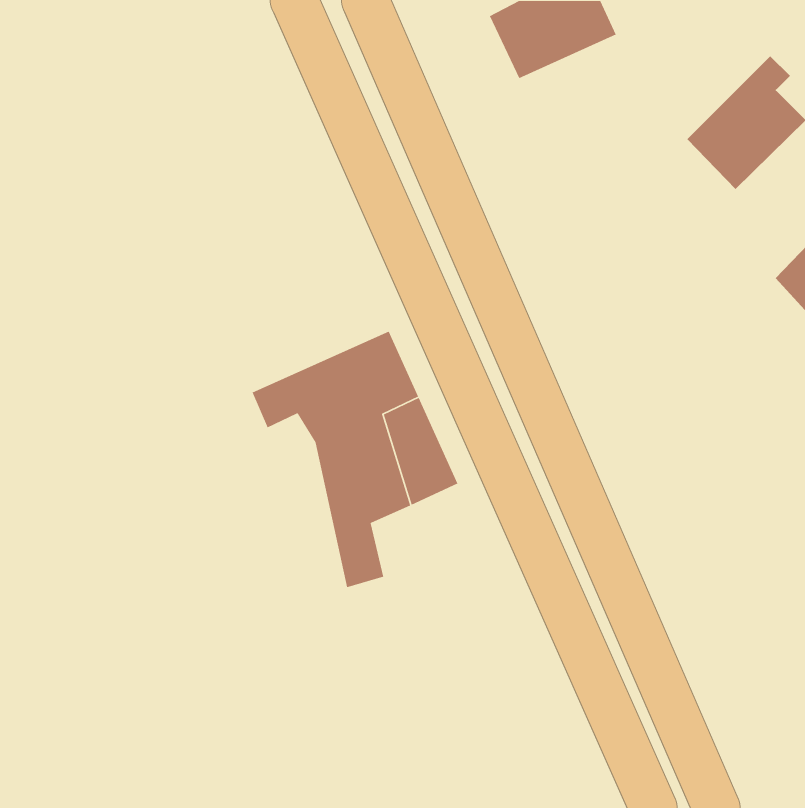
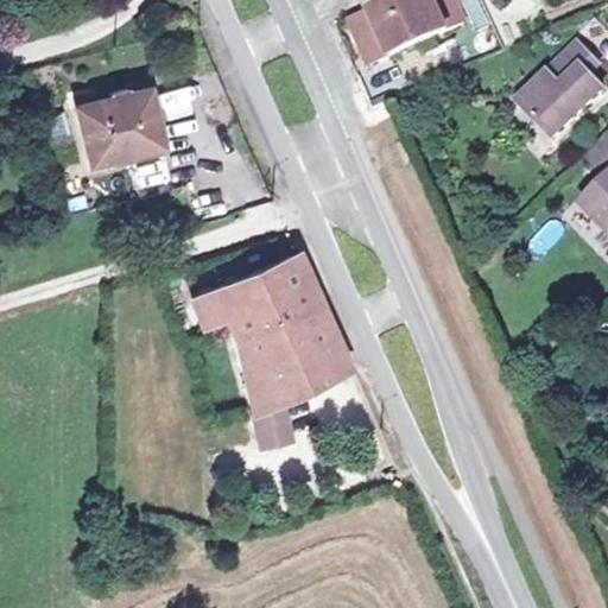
building: none -> [346,12,392,71]
building: none -> [78,82,158,158]

